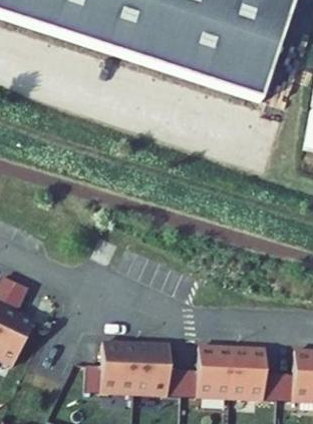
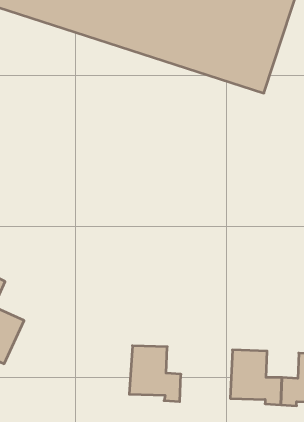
building: [86,342,137,391] -> none
building: [183,346,233,396] -> none

